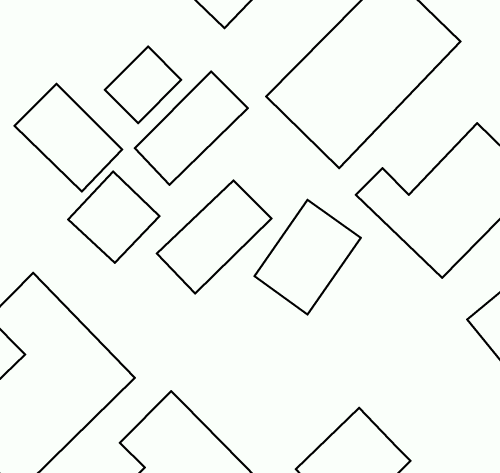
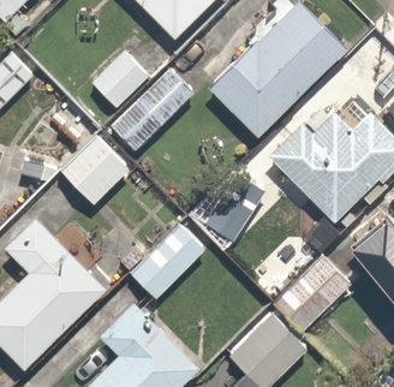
building: [14,84,122,192] -> none
building: [157,180,272,294] -> [126,219,209,300]
building: none -> [273,256,356,340]

